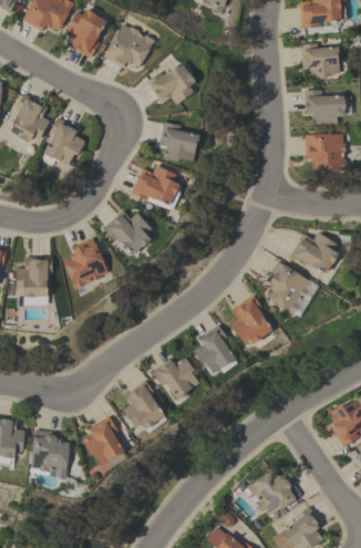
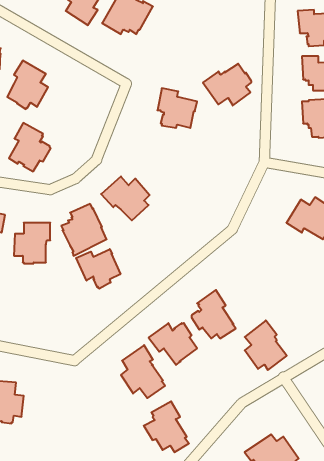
building: [146,63,195,105] -> [203,64,251,106]
building: [43,117,85,166] -> [9,123,51,171]
building: [132,165,179,206] -> none
building: [267,261,318,317] -> none
building: none -> [76,249,120,289]
building: [230,294,272,344] -> [245,320,287,370]
building: [82,416,127,467] -> [144,401,189,452]
building: [31,430,70,479] -> none

